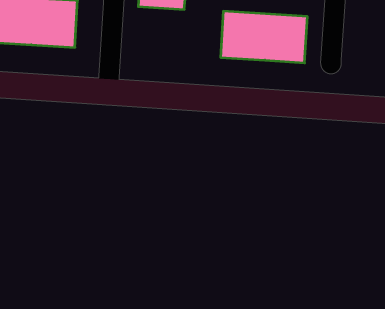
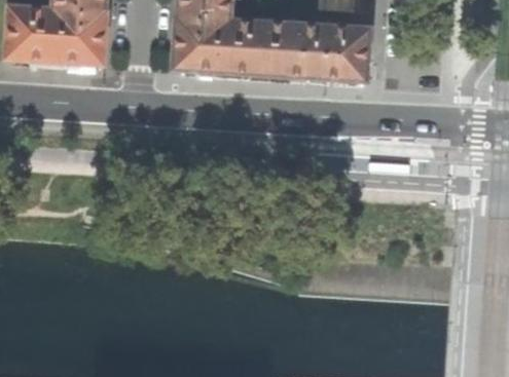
building: none -> [170,17,272,76]

